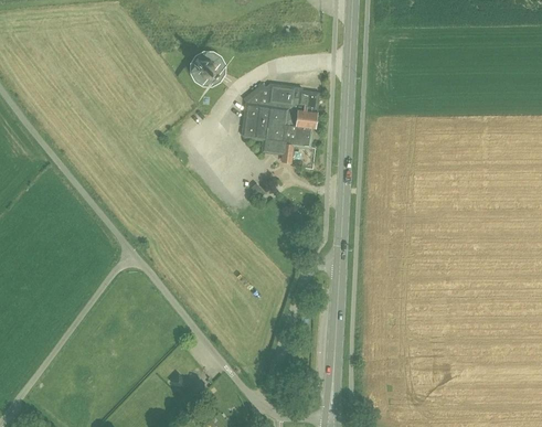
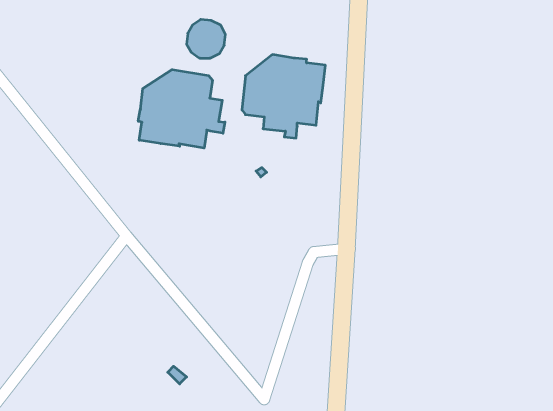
building: none -> [138,70,225,148]

